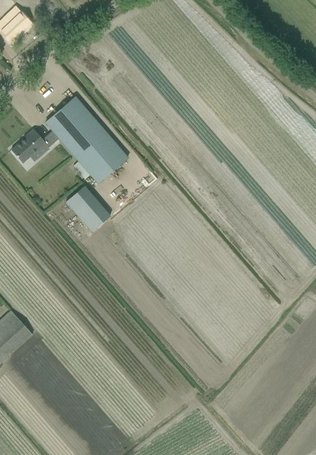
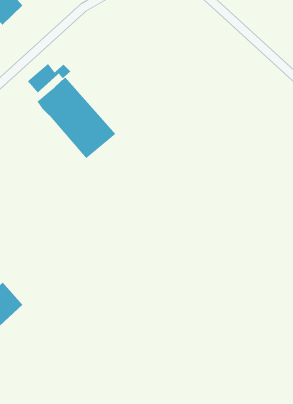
building: [11,129,57,161] -> [27,63,71,94]
building: [66,179,111,224] -> none

